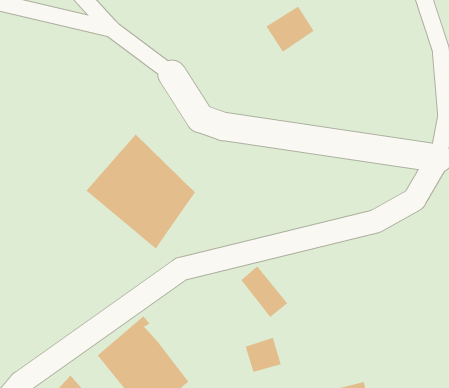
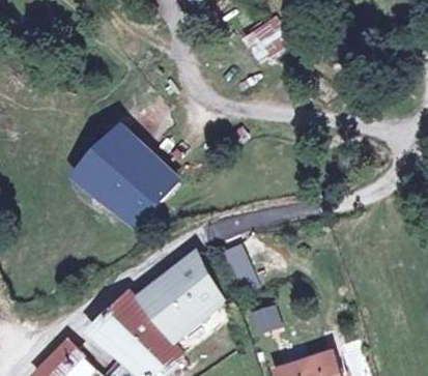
building: none -> [154,261,235,340]

